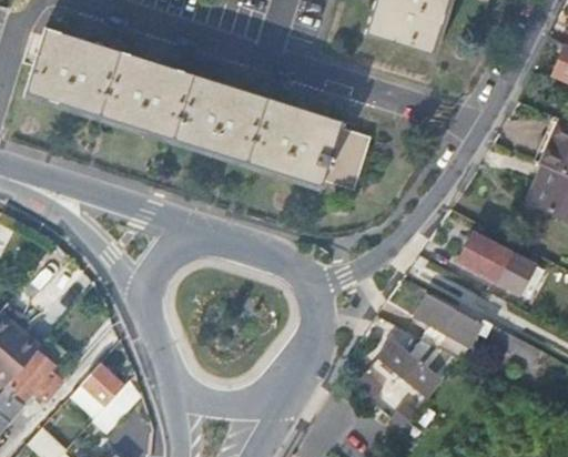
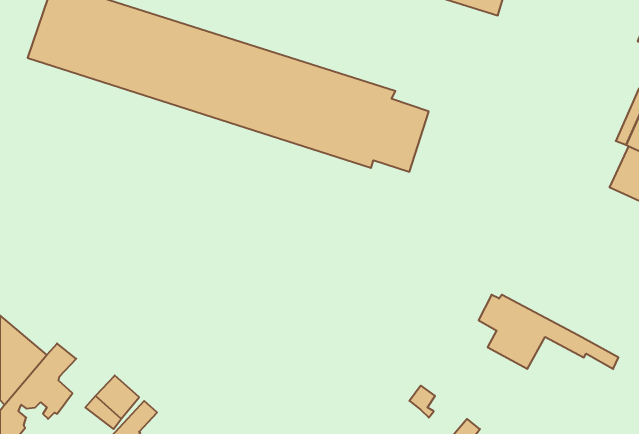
building: [458,235,538,297] -> none
building: [378,342,452,396] -> none

